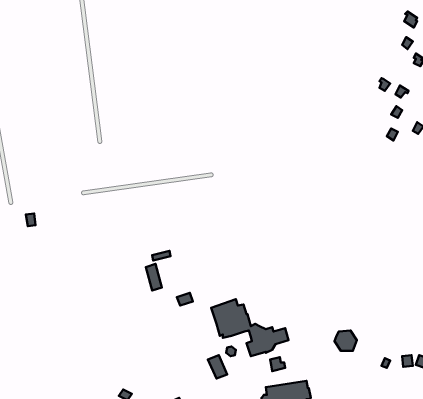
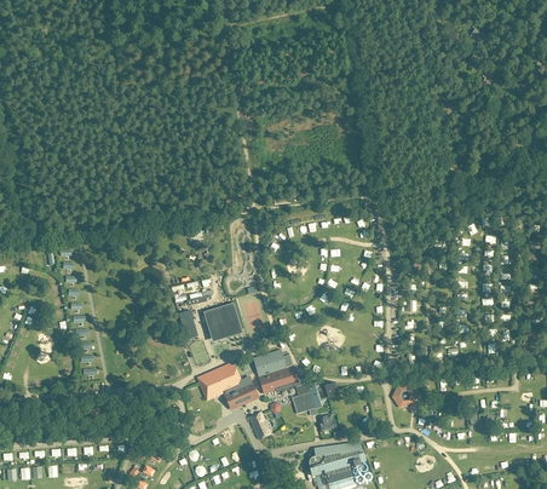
building: none -> [203,303,242,341]
building: none -> [196,362,255,407]

